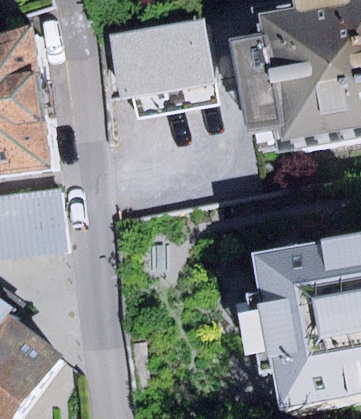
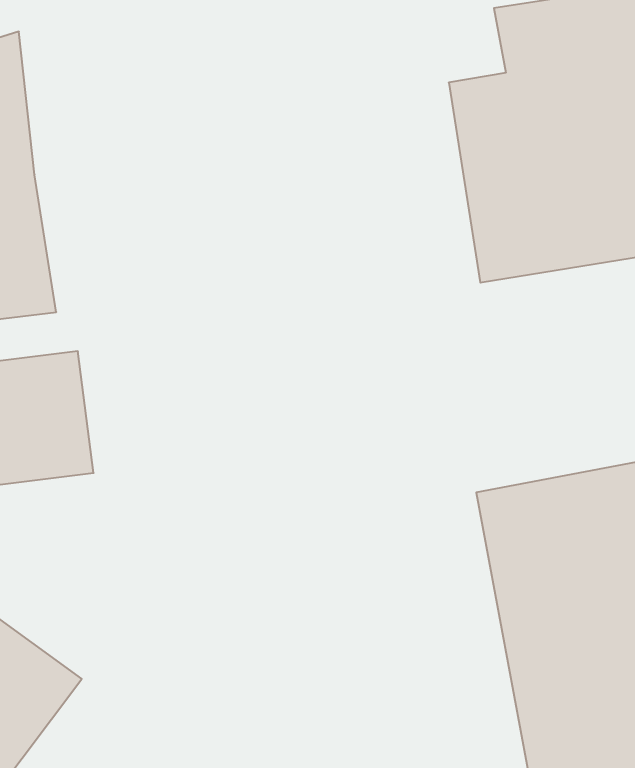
building: [110,22,193,93] -> none

